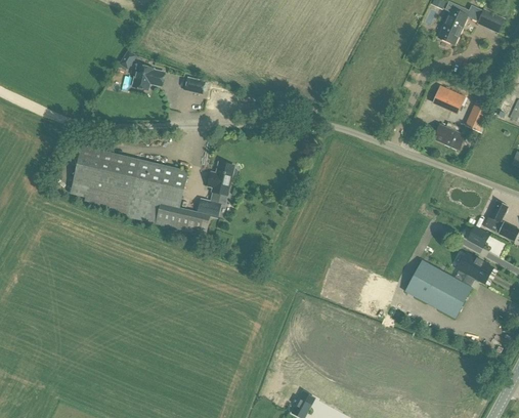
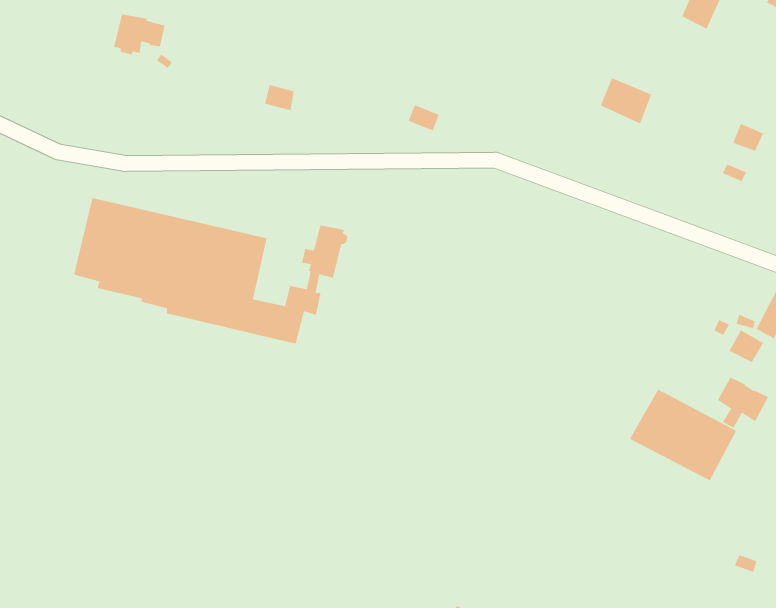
building: [132,65,164,90] -> [113,13,166,56]
building: [433,85,465,114] -> [600,77,652,125]
building: [433,122,465,149] -> none

